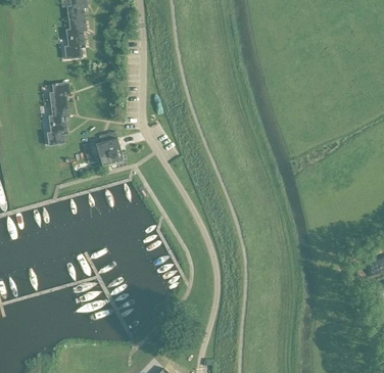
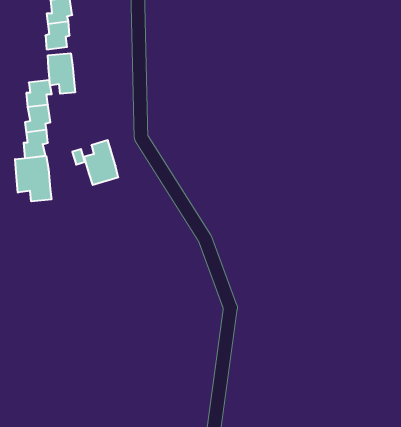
building: none -> [48,53,75,94]
building: none -> [15,156,51,201]

